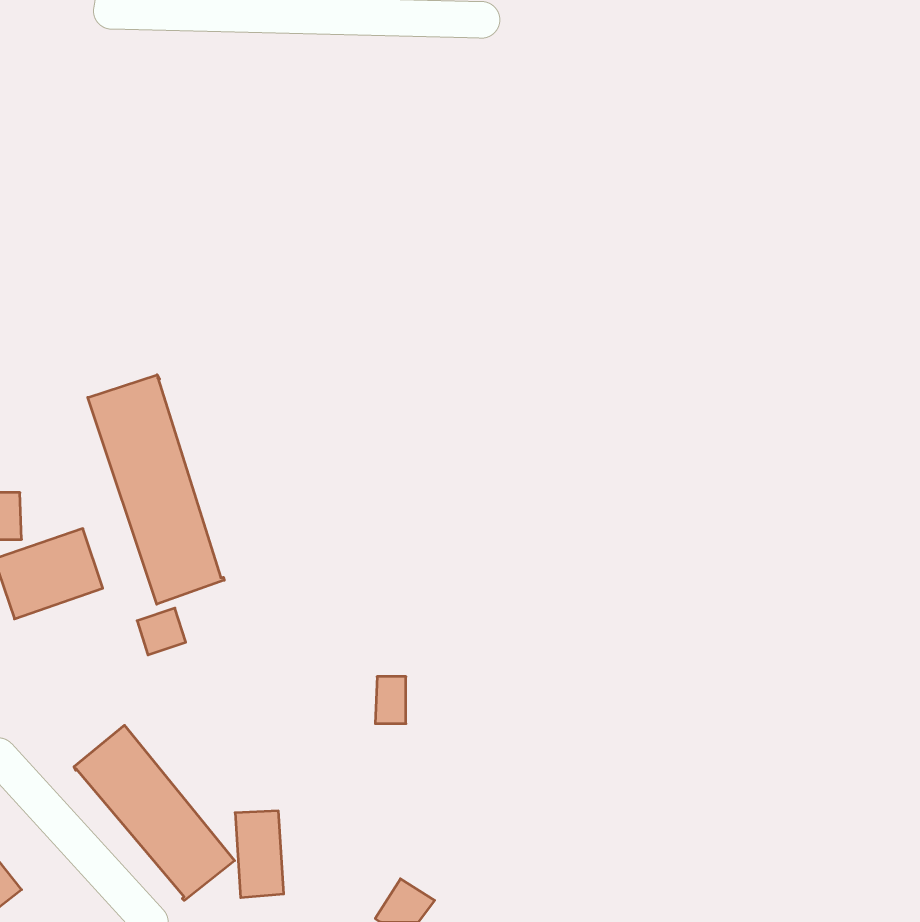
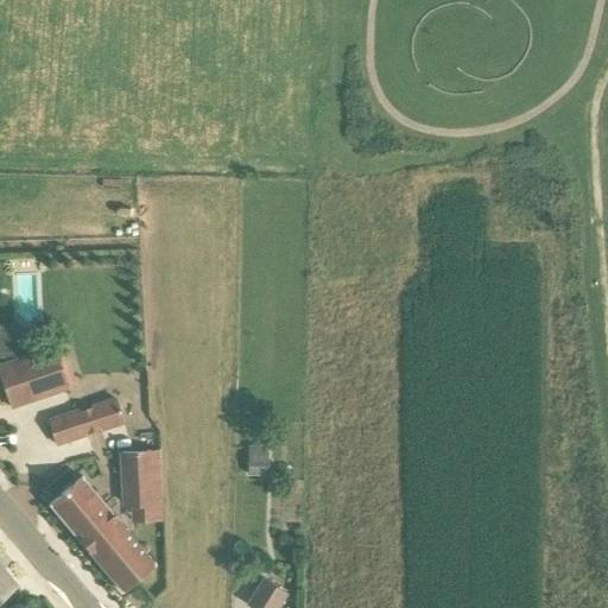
building: [88,375,224,604] -> none
building: none -> [48,412,84,444]
building: [235,811,284,898] -> [121,451,153,508]

